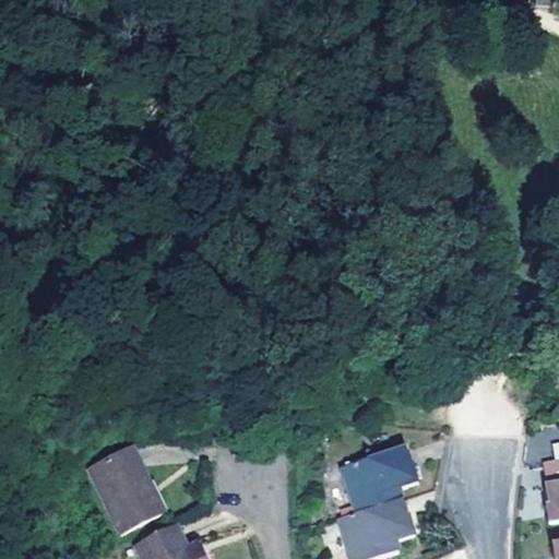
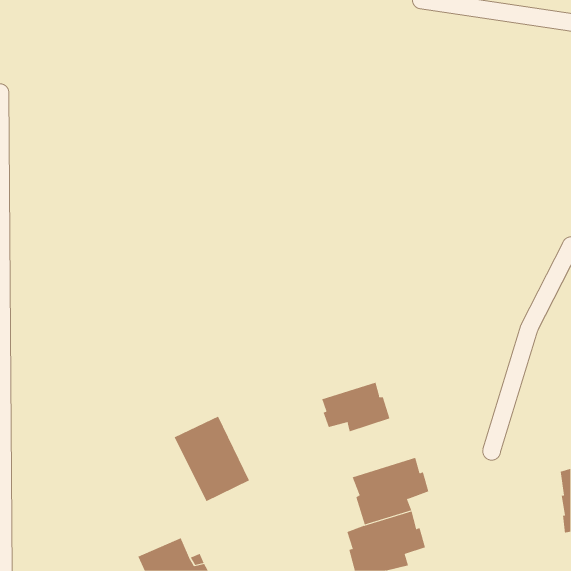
building: none -> [321,382,390,432]
building: [87,448,162,532] -> [174,416,250,502]

